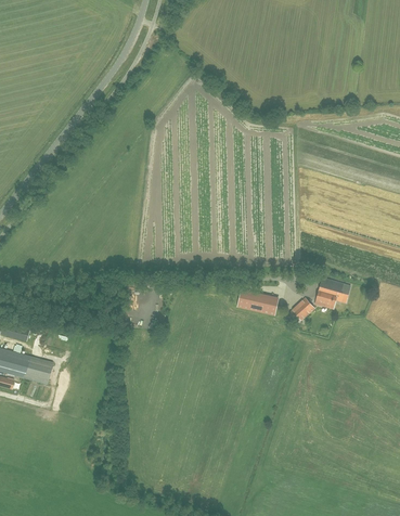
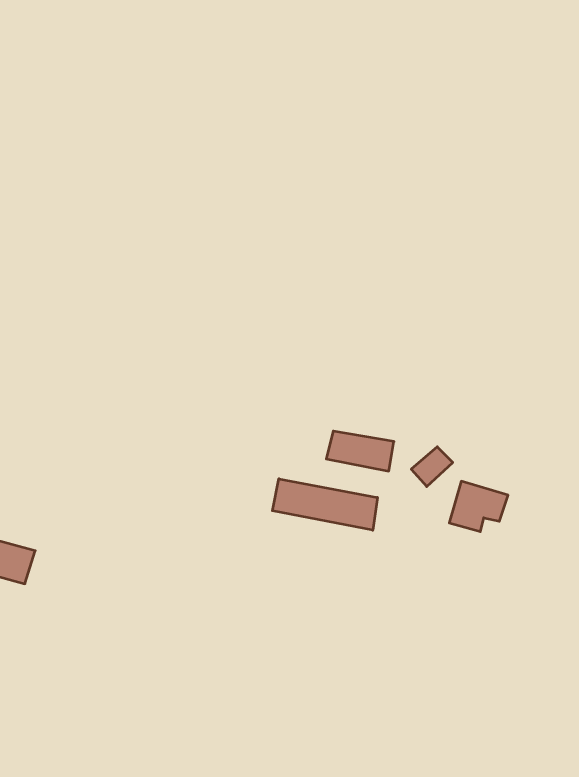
building: [314,278,351,309] -> [449,481,508,532]
building: none -> [272,479,377,530]

